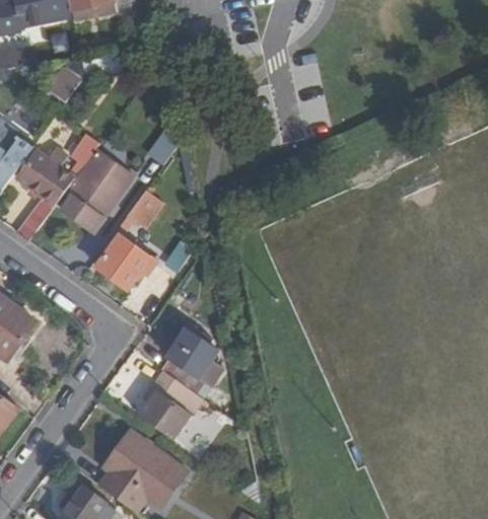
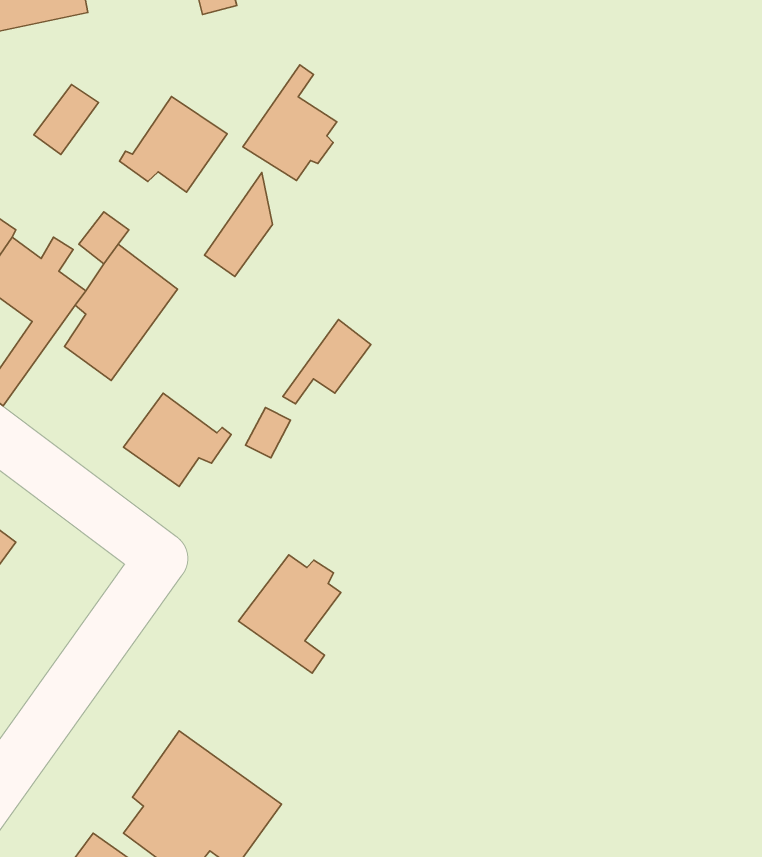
building: none -> [243,65,337,180]
building: none -> [119,97,227,192]
building: [116,188,165,235] -> [283,319,371,404]
building: [134,367,195,439] -> none

